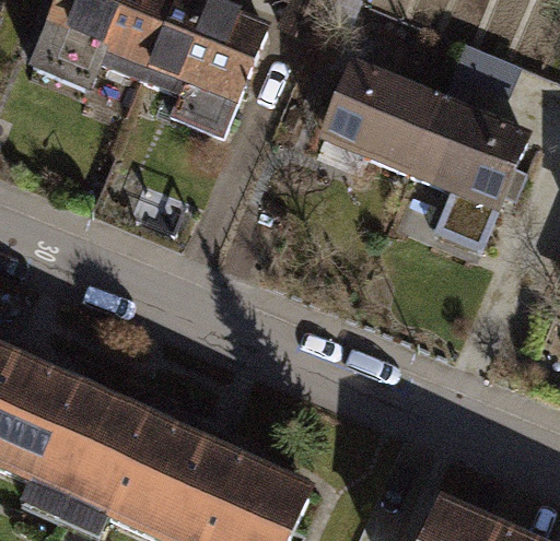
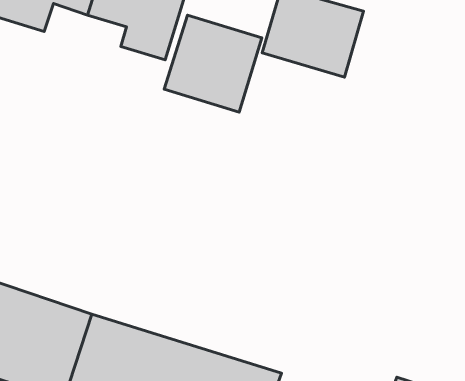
building: none -> [164,15,262,112]
building: [416,101,529,245] -> none

